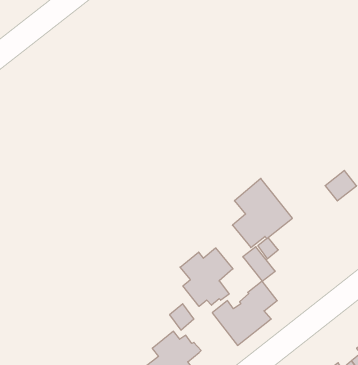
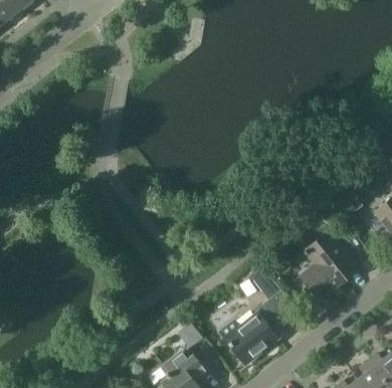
building: [232,178,292,248] -> [300,229,359,298]
building: [180,248,233,306] -> none

